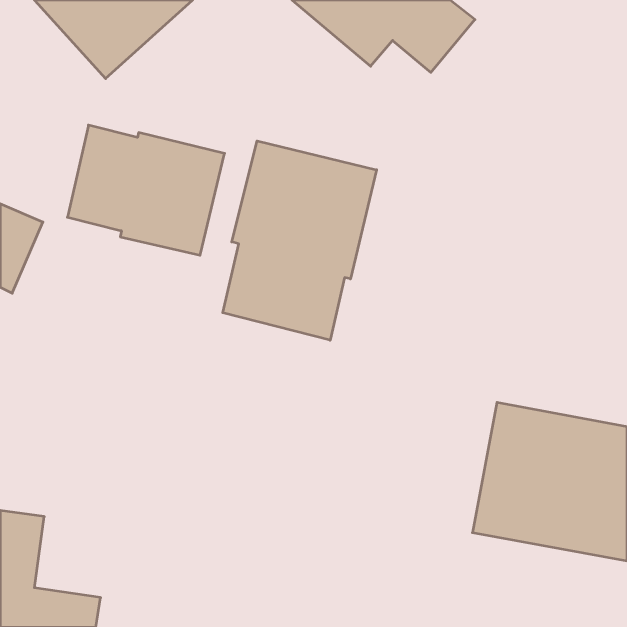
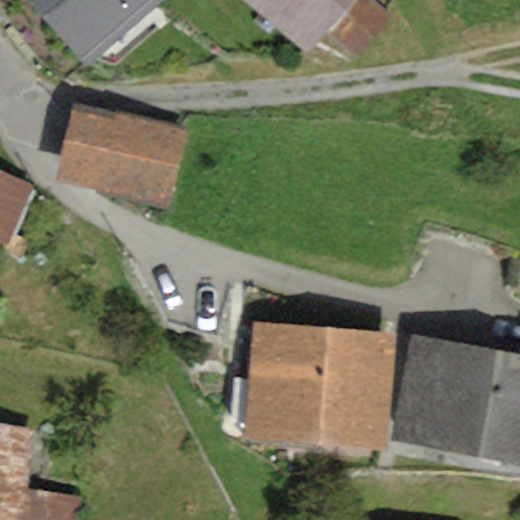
building: [223,141,377,340] -> none
building: none -> [240,320,396,450]

